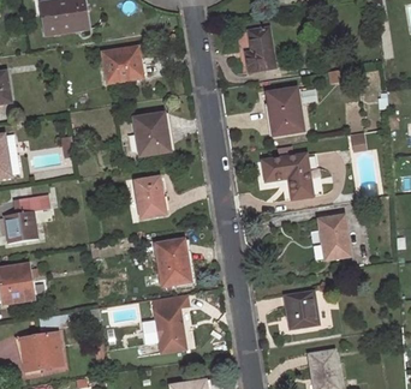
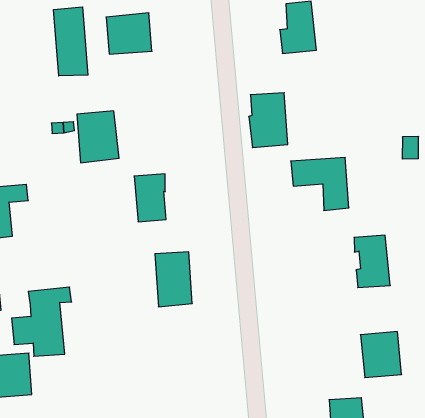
building: none -> [54,7,88,76]
building: [269,88,303,134] -> [249,93,288,148]
building: [133,112,171,156] -> [77,111,119,163]
building: [284,288,320,328] -> [360,332,402,378]
building: [141,293,189,352] -> [12,287,72,356]

